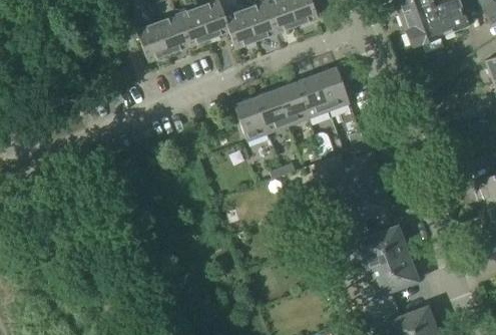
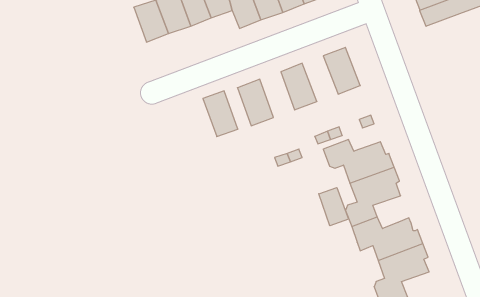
building: [297,73,331,116] -> none
building: [257,88,290,131] -> [203,91,238,137]
building: none -> [319,188,349,226]

